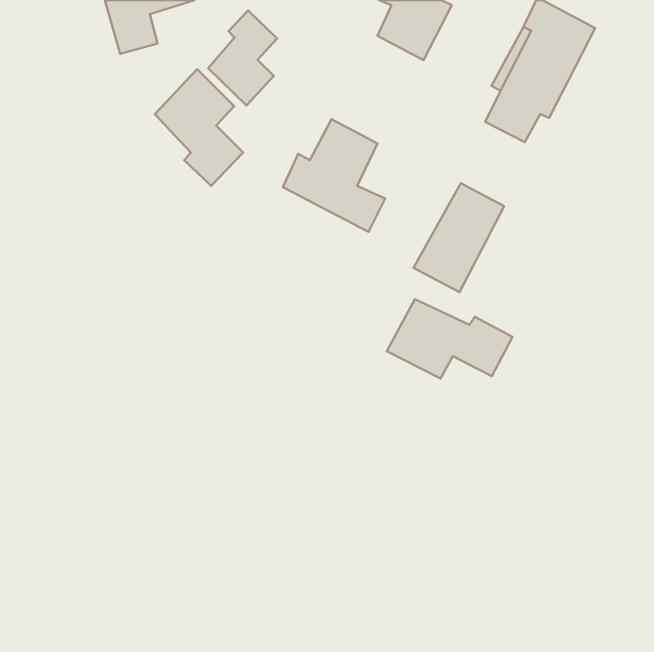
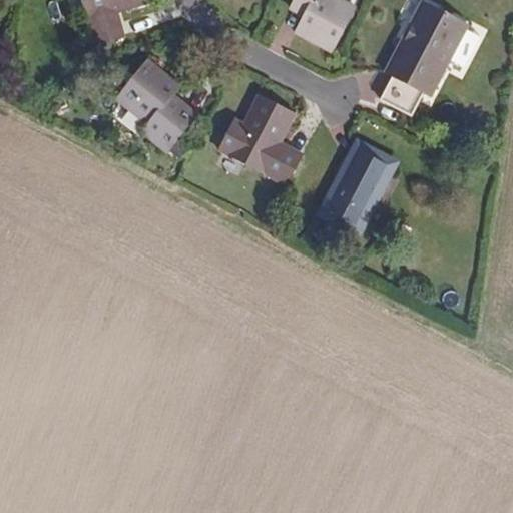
building: [208,11,277,105] -> none
building: [387,299,512,378] -> none

